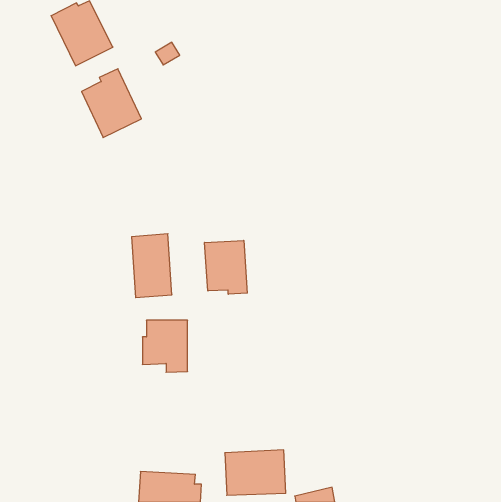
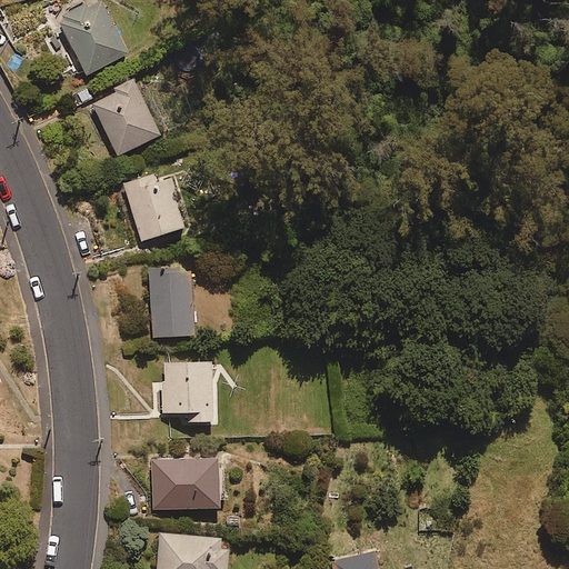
building: none -> [123,174,187,240]
building: [205,240,247,294] -> none
building: [225,450,286,495] -> [151,458,220,509]

